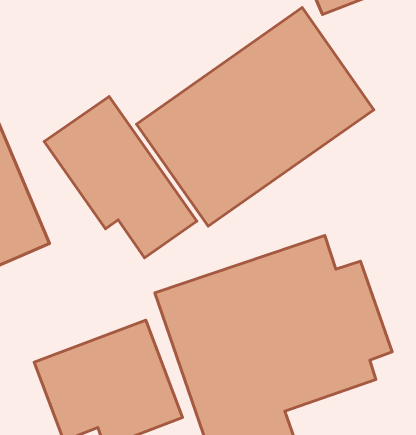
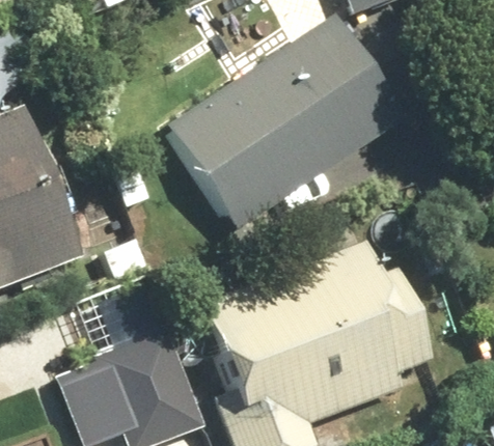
building: [44,96,197,258] -> none

